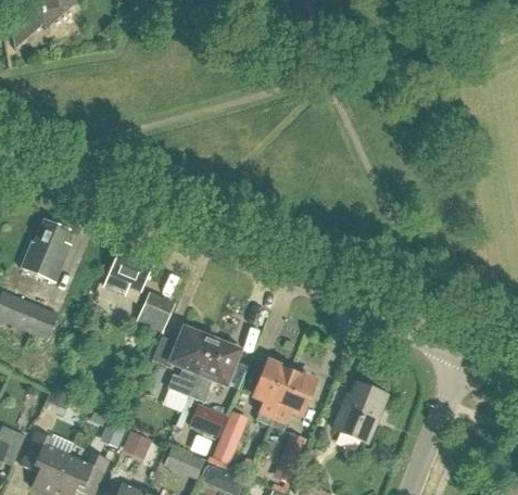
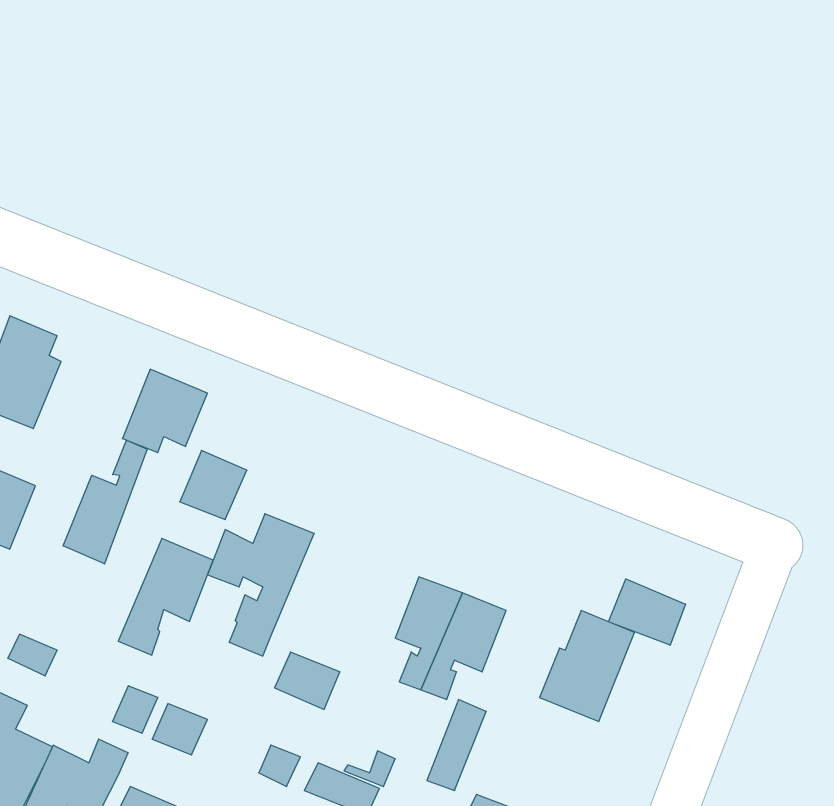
building: none -> [63,440,147,564]
building: [187,339,239,403] -> [118,538,213,655]
building: none -> [609,579,686,645]
building: [212,408,248,460] -> none

